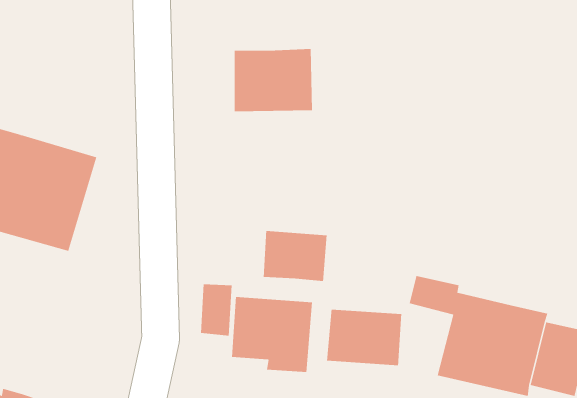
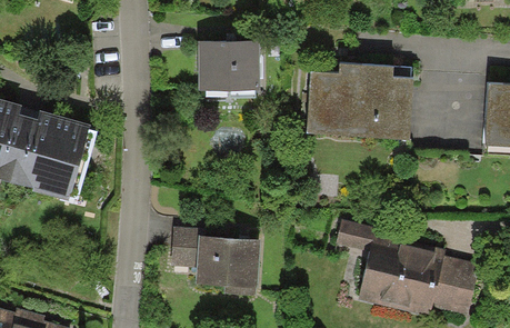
building: none -> [306,62,413,140]
building: [263,230,327,282] -> none
building: [327,309,402,366] -> none

